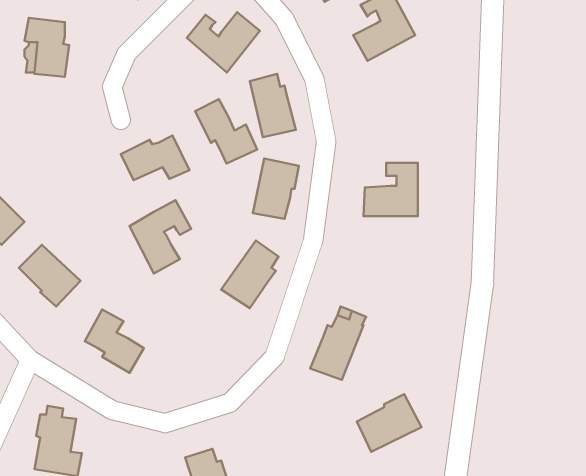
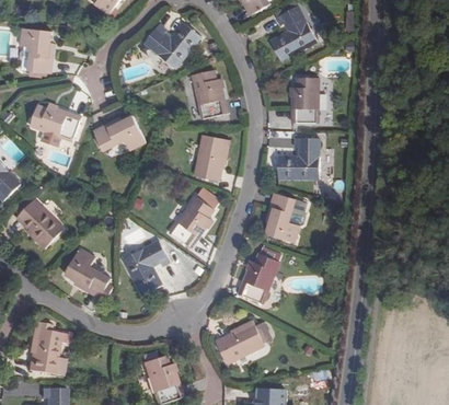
building: none -> [292,77,320,121]
building: [195,99,257,164] -> none
building: none -> [31,103,81,139]
building: [130,200,191,274] -> [124,238,171,293]
building: none -> [266,193,299,241]
building: [357,394,422,452] -> [217,320,266,363]

